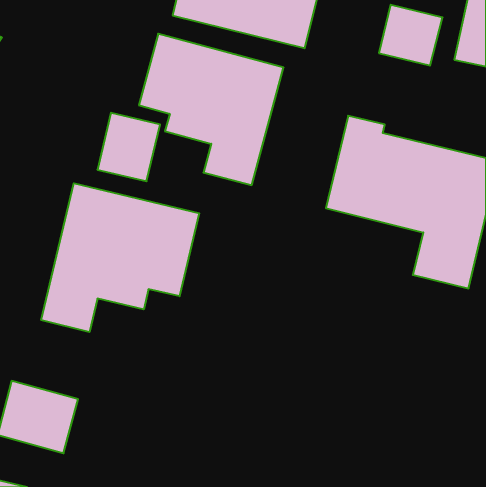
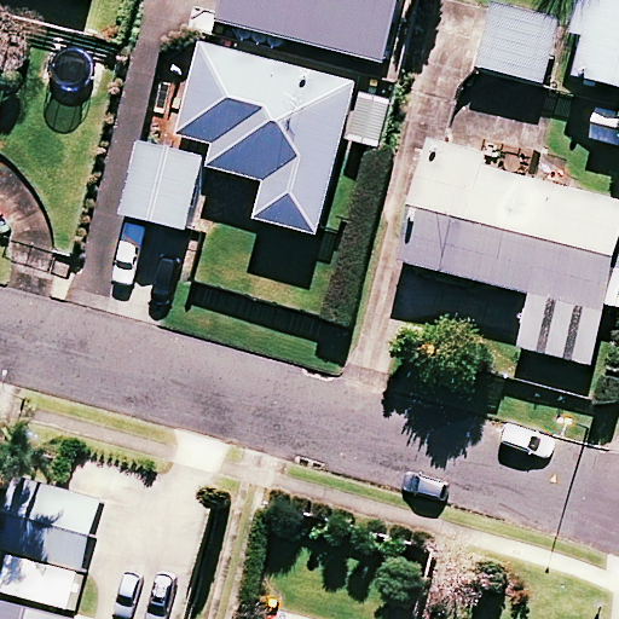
building: [41,183,199,332] -> none

